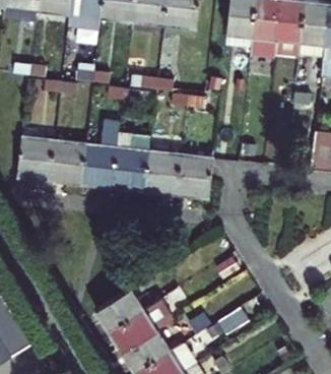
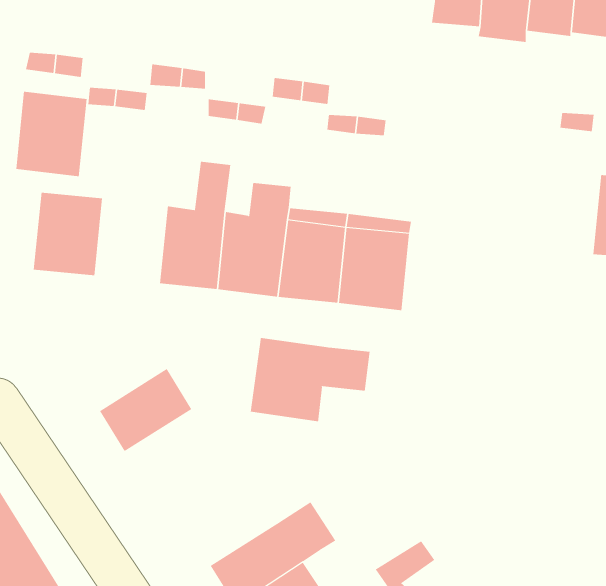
building: [50,140,87,185] -> [15,91,87,177]
building: none -> [250,337,370,422]
building: [96,289,145,332] -> [99,368,192,452]

